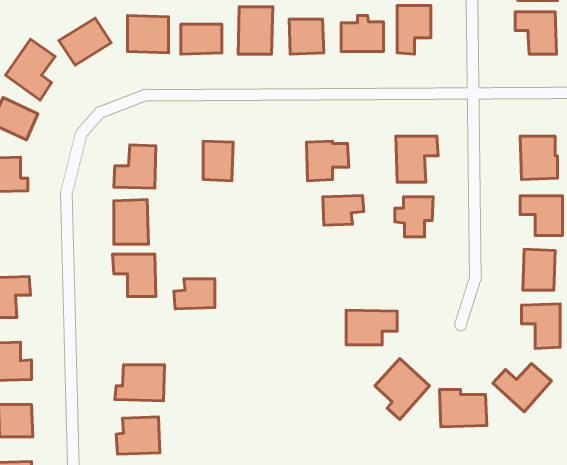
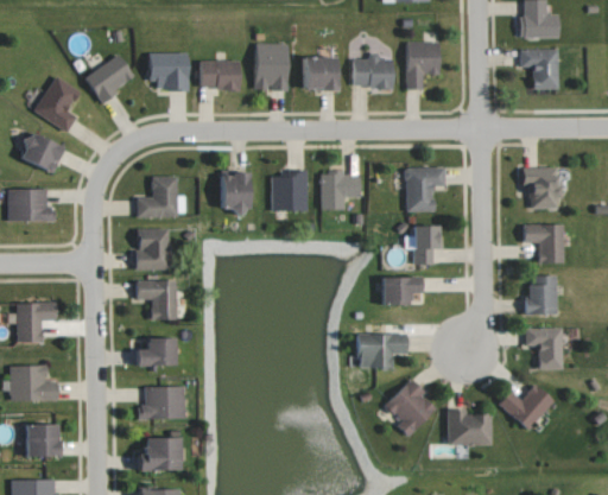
building: none -> [272,173,308,210]
building: [323,196,364,225] -> [382,275,422,304]
building: [174,279,215,309] -> [137,337,176,366]

